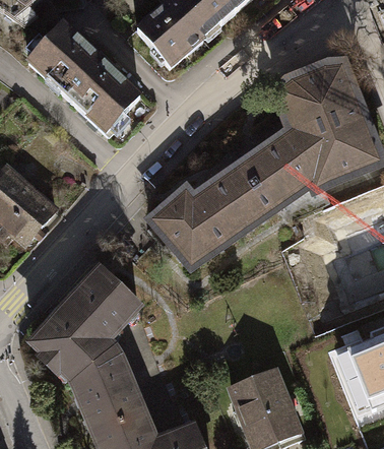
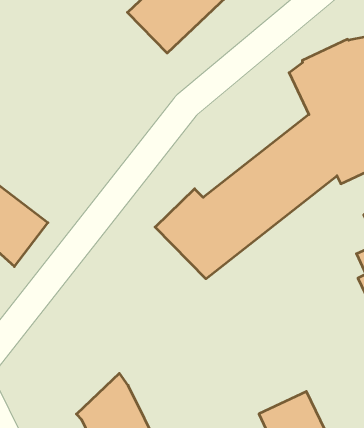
building: [28,21,139,133] -> none
building: [33,267,138,375] -> none

